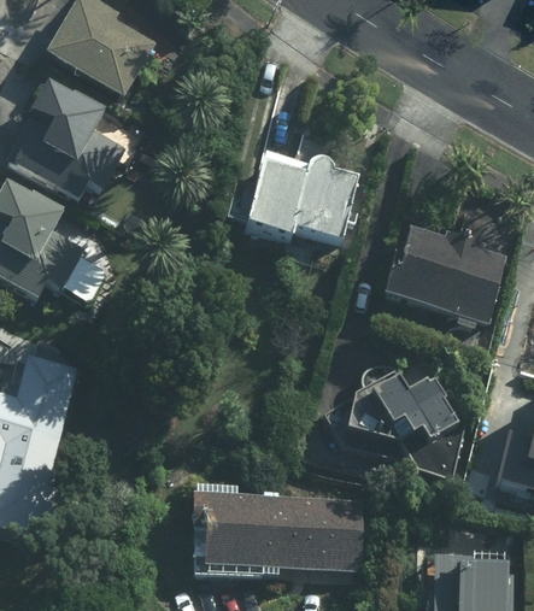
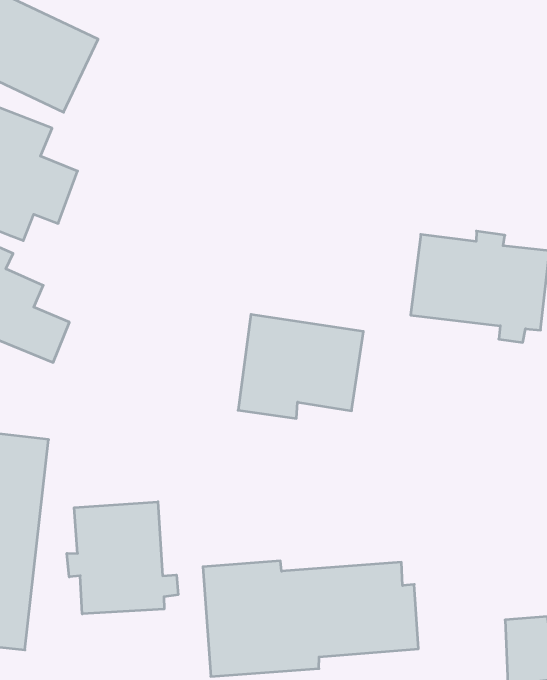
building: [247,151,357,240] -> [238,314,363,418]
building: [328,374,460,478] -> none
building: none -> [67,502,178,614]

